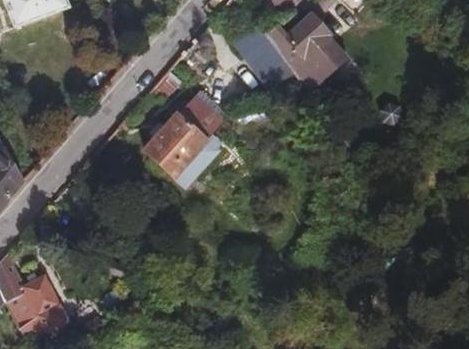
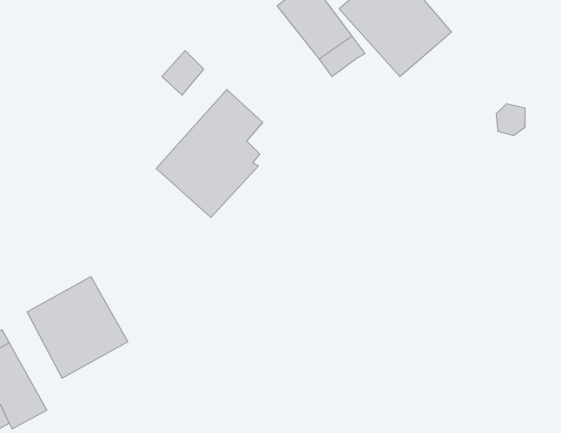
building: none -> [27,277,128,378]

